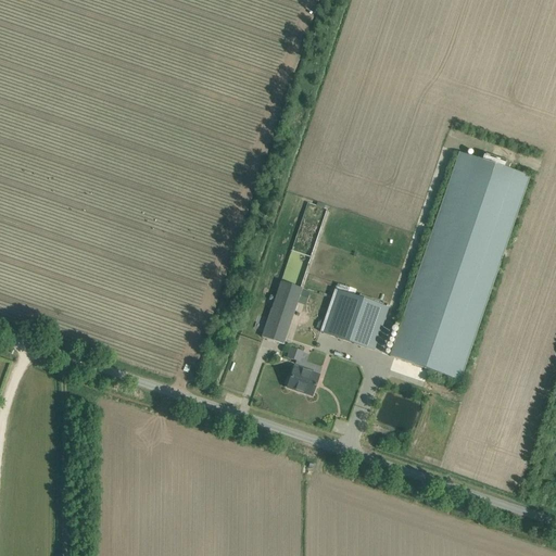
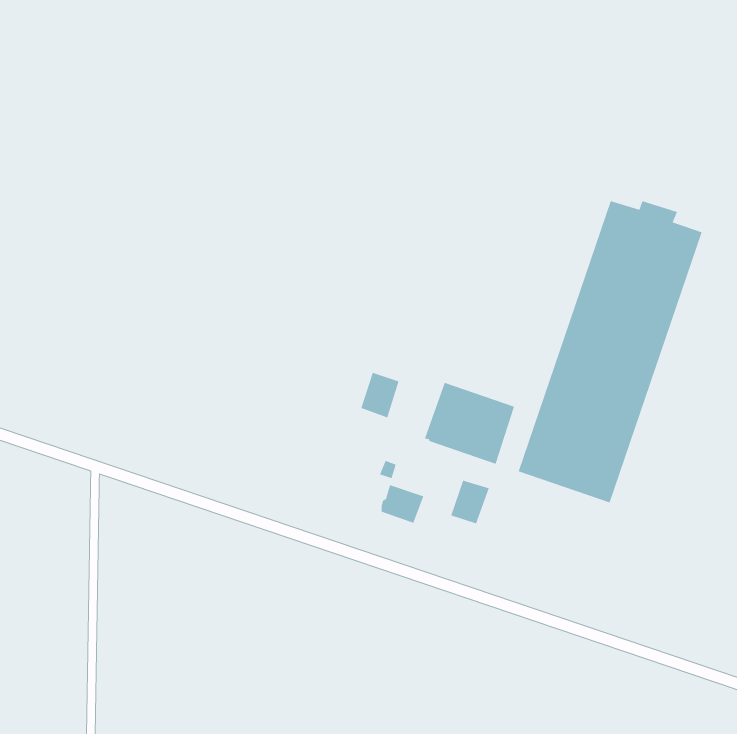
building: [262,307,292,343] -> none
building: none -> [450,480,489,525]

